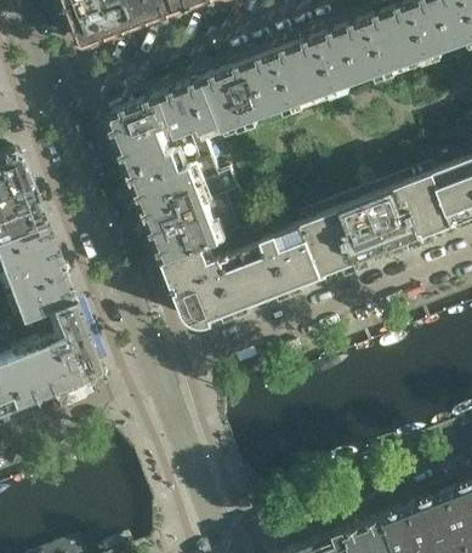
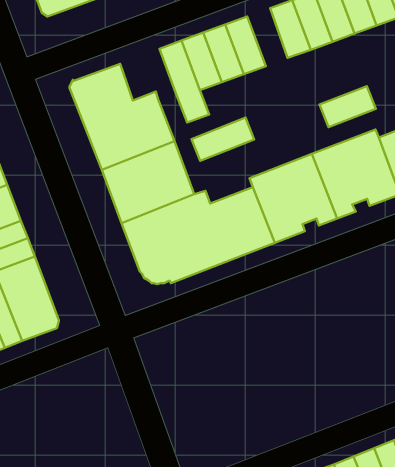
building: [297,36,340,97] -> none
building: [164,79,222,133] -> none
building: none -> [320,86,376,127]
building: none -> [192,118,254,161]

